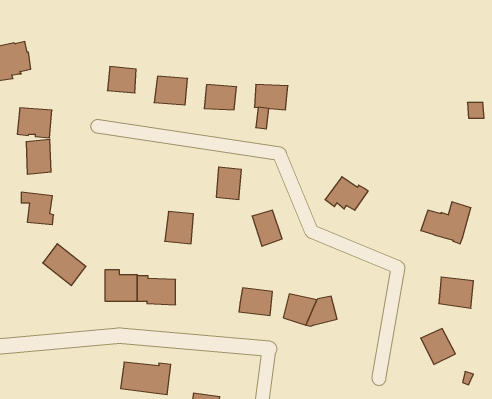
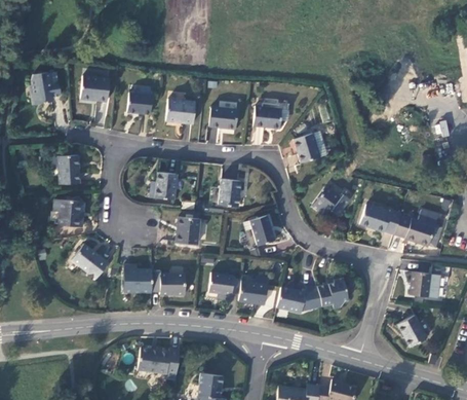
building: [17,108,52,138] -> [80,75,110,101]
building: none -> [295,131,327,162]
building: none -> [156,172,178,198]
building: none -> [361,202,403,231]
building: none -> [210,271,243,295]
building: none -> [319,278,350,310]

